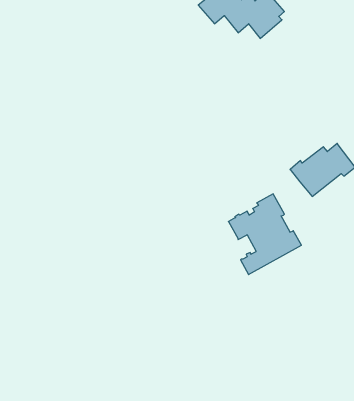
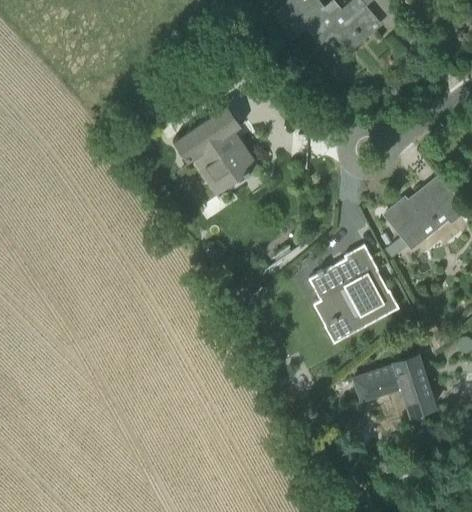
building: none -> [173,105,259,194]
building: none -> [352,355,435,415]

